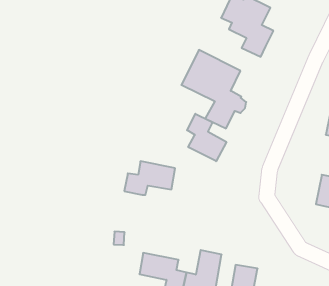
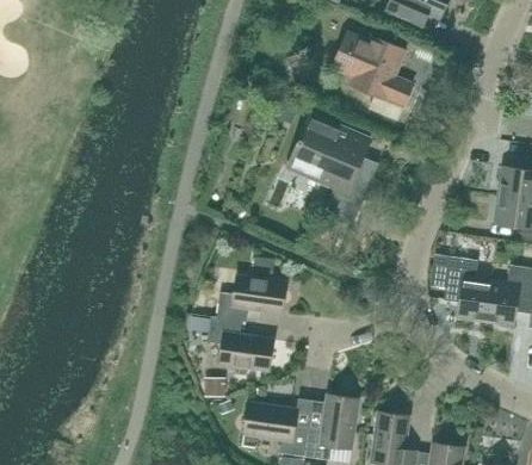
building: [187,114,226,161] -> none
building: none -> [444,256,490,322]
building: none -> [208,317,273,371]

